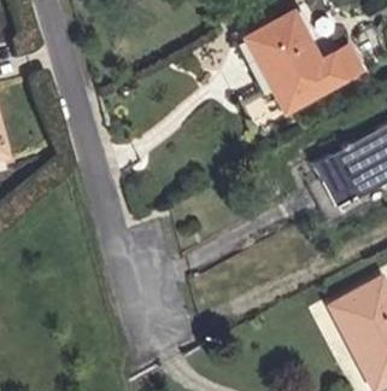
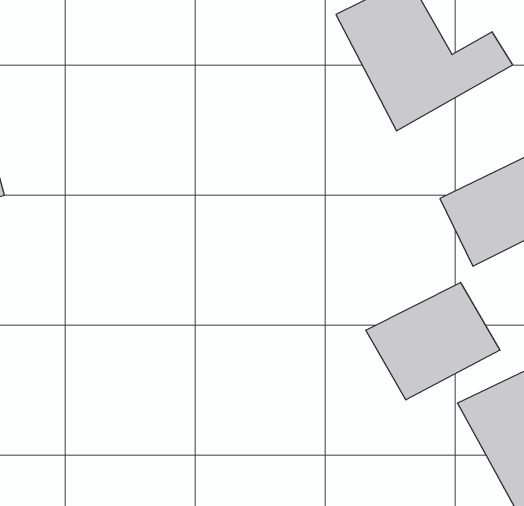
building: none -> [366,282,500,400]

